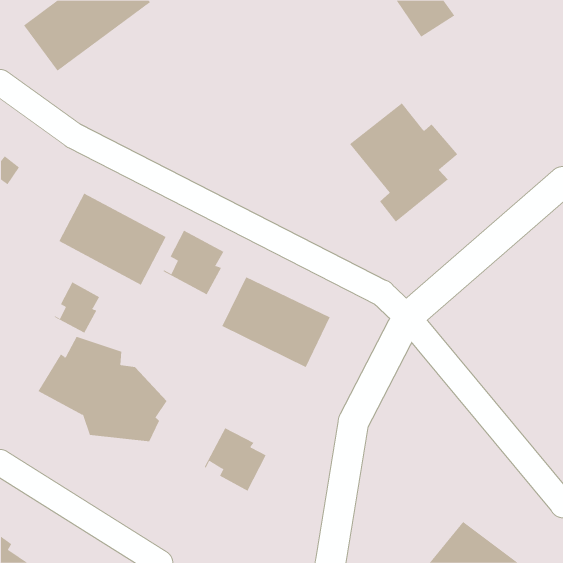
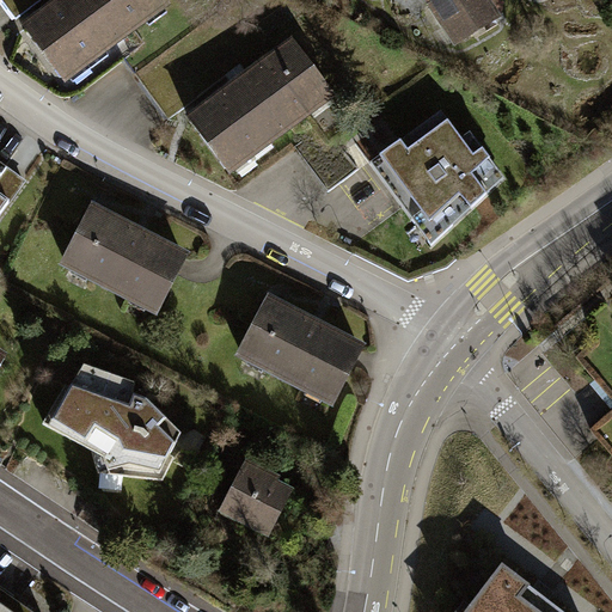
building: none -> [189,43,328,169]
building: [163,230,224,295] -> none
building: [54,282,100,333] -> none

